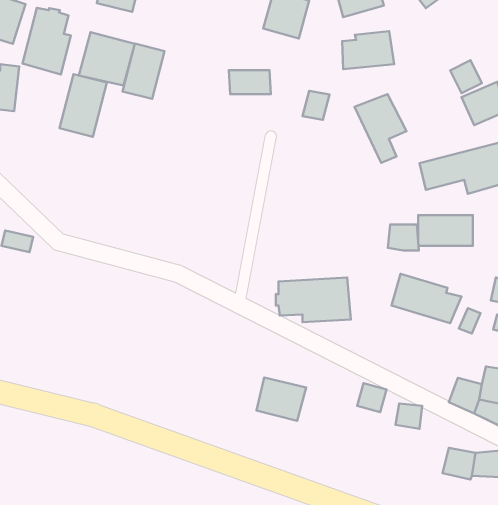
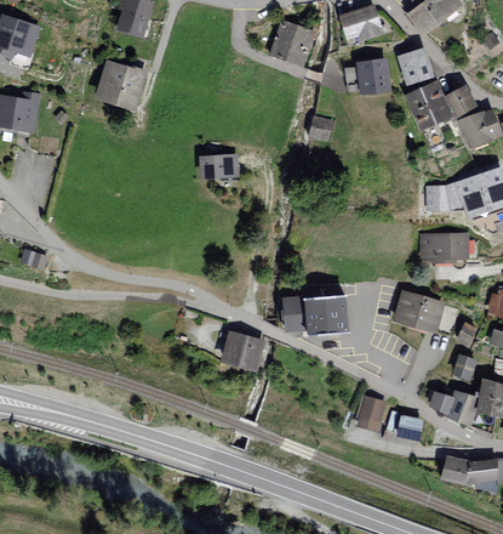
building: [23,8,71,75] -> none
building: none -> [400,46,434,84]
building: [123,44,164,99] -> none
building: [229,70,271,94] -> [199,153,239,176]
building: [60,74,107,137] -> none
building: [355,94,407,163] -> [406,81,456,147]
building: [388,225,419,251] -> none
building: none -> [450,352,479,384]
building: [257,377,306,421] -> [222,328,269,369]

